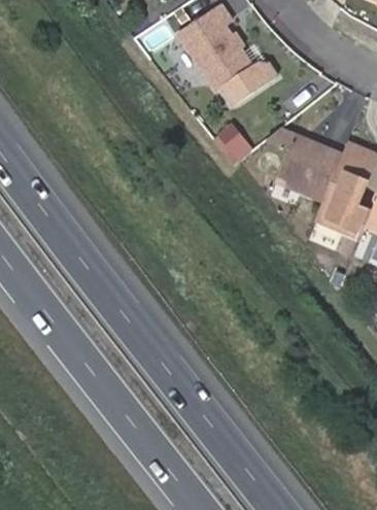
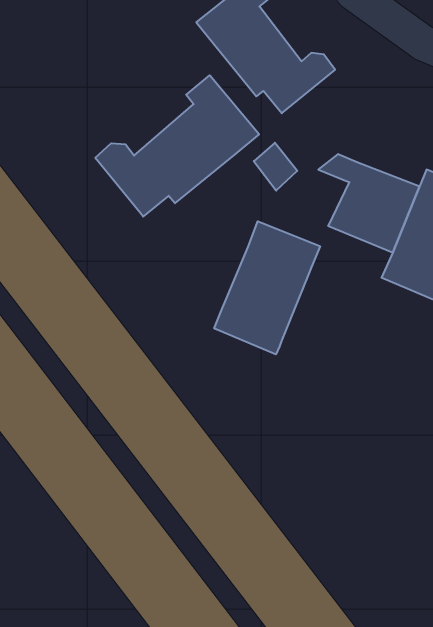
building: none -> [95,75,259,217]
building: none -> [214,221,320,354]

